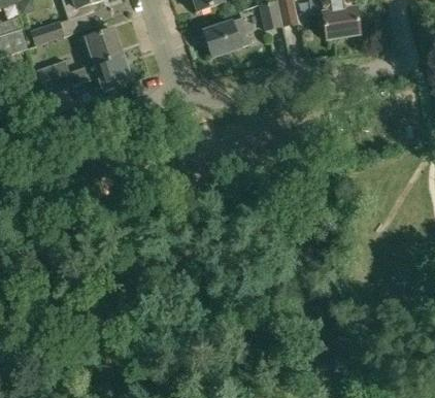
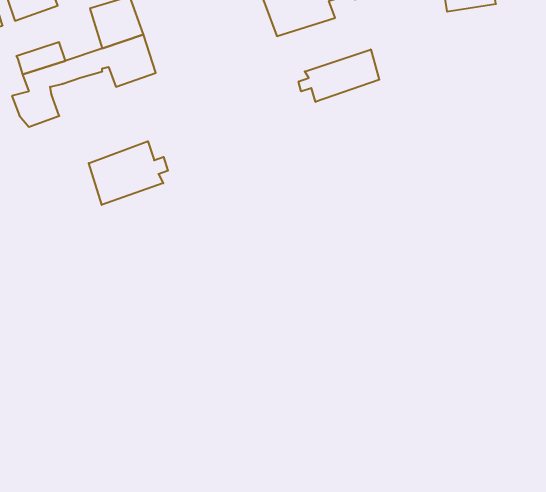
building: none -> [299,49,379,102]
building: none -> [89,141,168,205]

